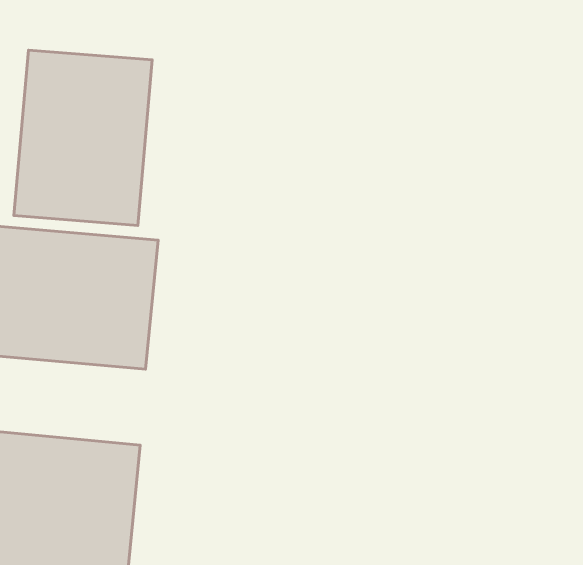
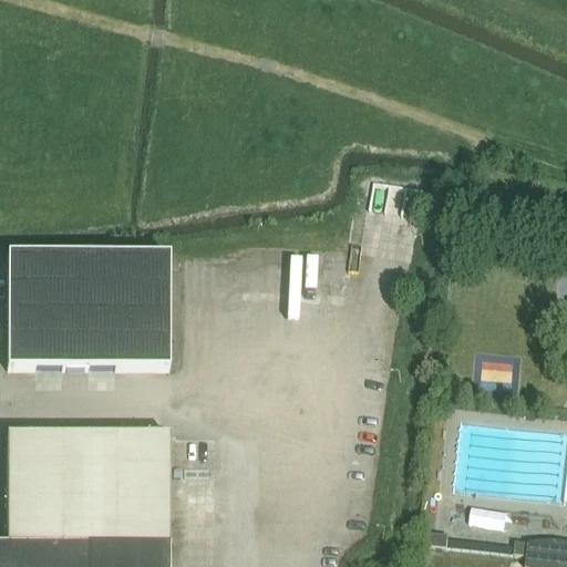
building: [14,50,152,225] -> none

